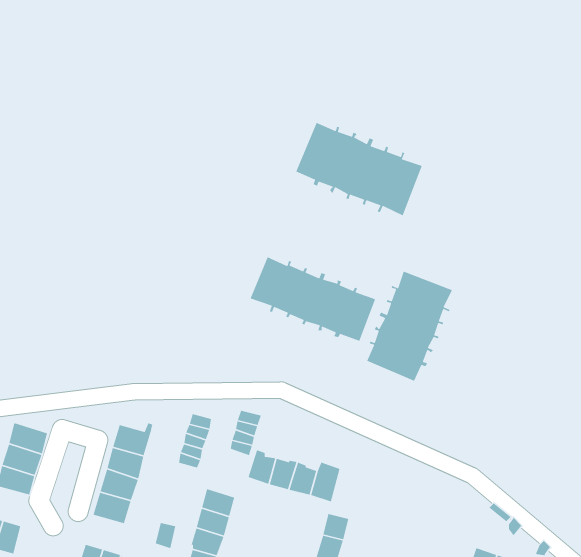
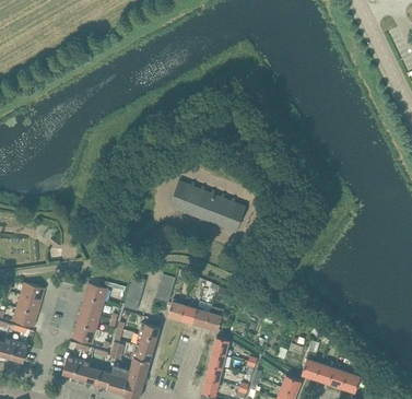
building: [295,122,423,217] -> none
building: [366,270,453,382] -> none

